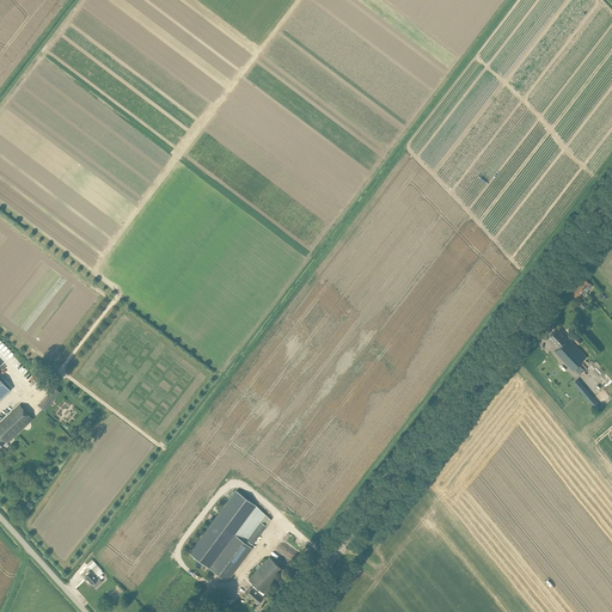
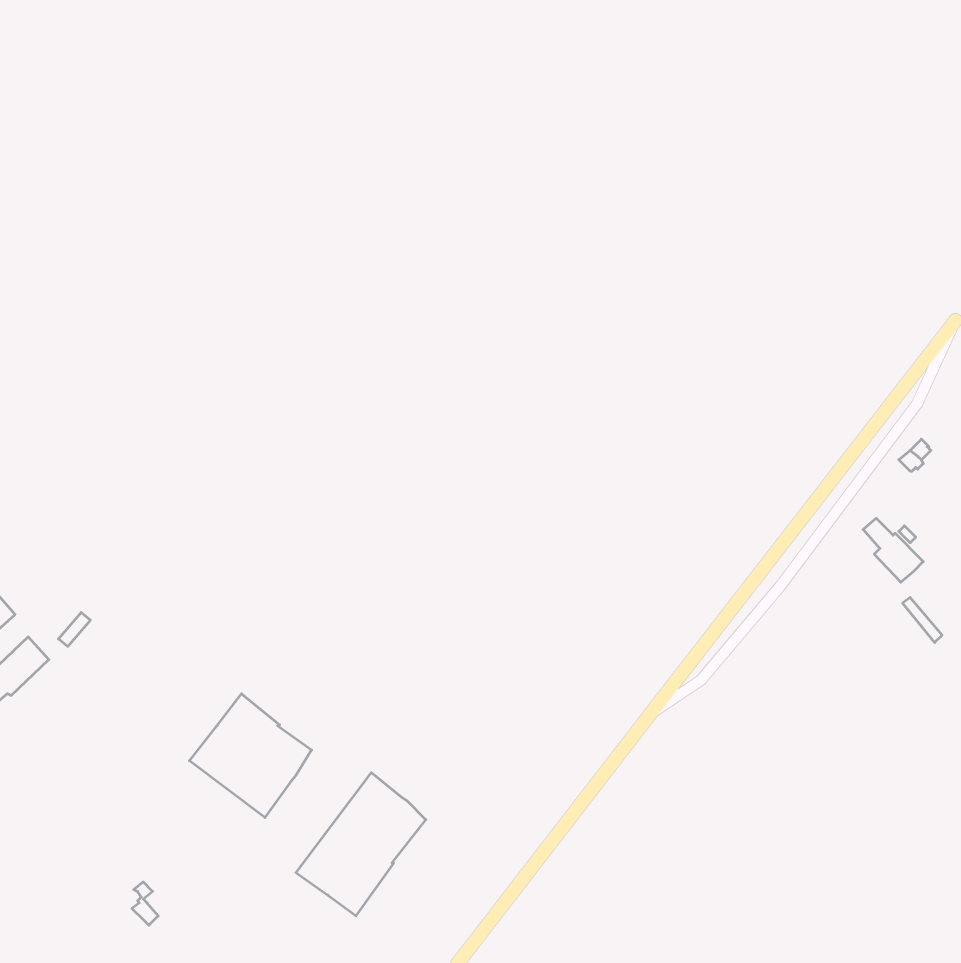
building: none -> [189,694,312,818]
building: [245,556,284,604] -> none

